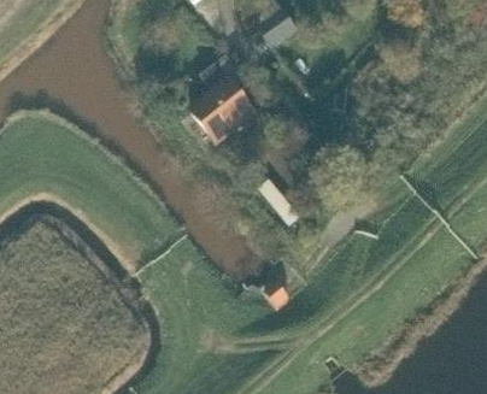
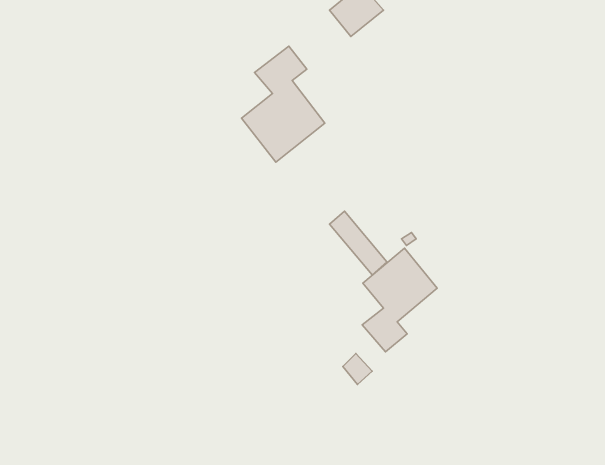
building: none -> [362,248,437,352]

